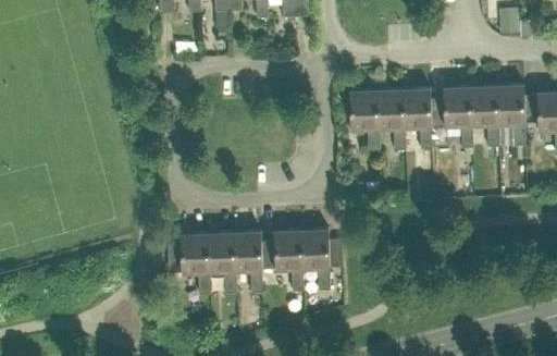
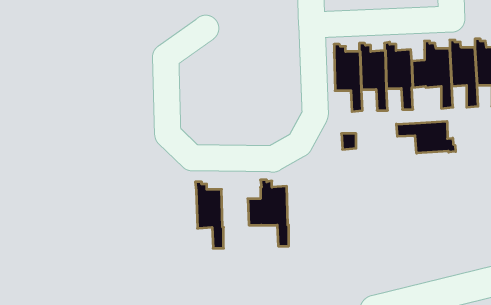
building: none -> [396,121,456,153]
building: [300,222,343,291] -> none
building: [233,224,262,294] -> none
building: [168,226,210,295] -> none

